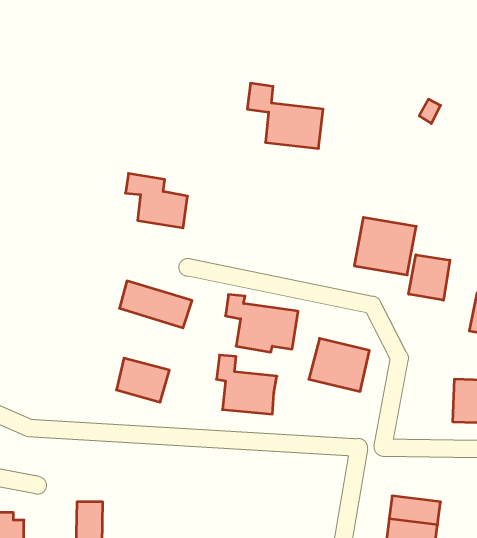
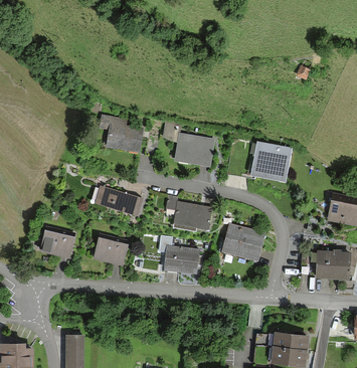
building: [247,83,323,148] -> [161,122,211,165]
building: [409,255,450,300] -> none
building: none -> [39,232,74,260]

